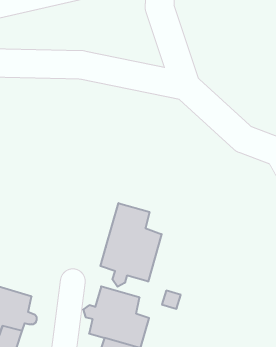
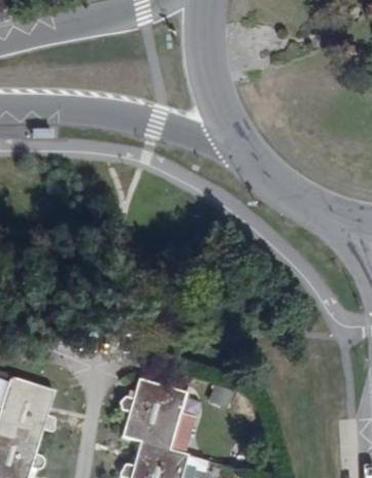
building: [100,203,162,287] -> none

